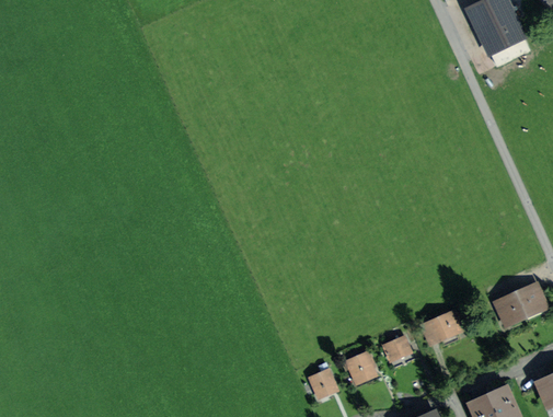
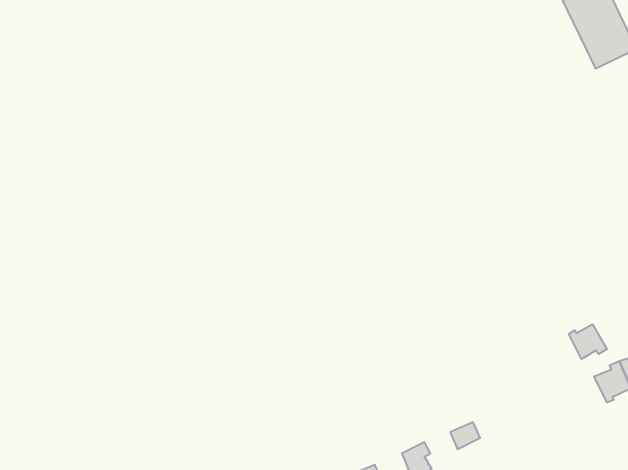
building: none -> [569,324,607,359]
building: [422,312,460,341] -> none

